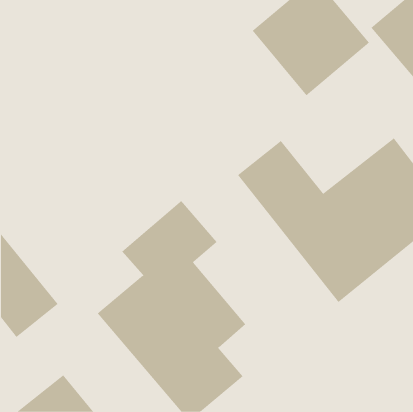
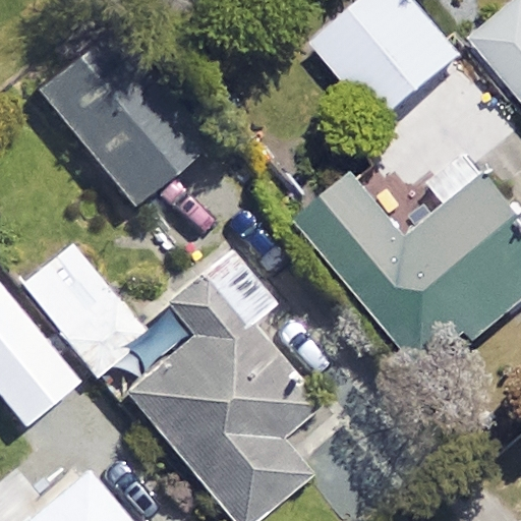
building: none -> [23,24,200,217]
building: none -> [21,241,144,371]

